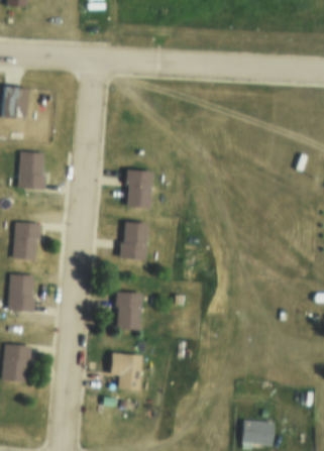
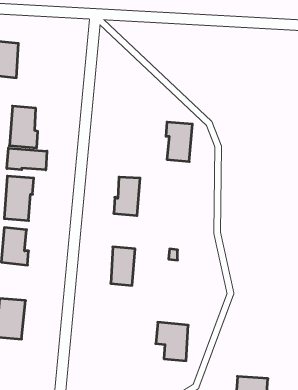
building: [127,168,153,208] -> [166,122,192,162]
building: none -> [7,148,47,170]
building: [110,351,142,389] -> [156,322,188,361]

